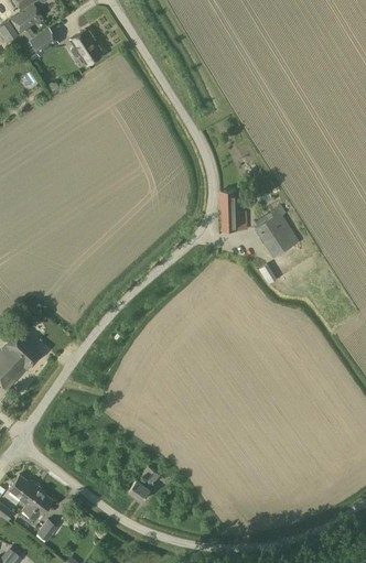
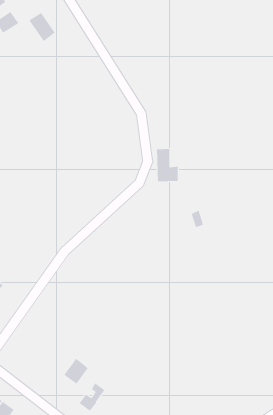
building: [255,207,299,257] -> none
building: none -> [63,358,89,384]

